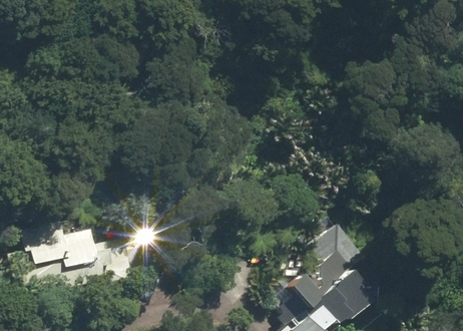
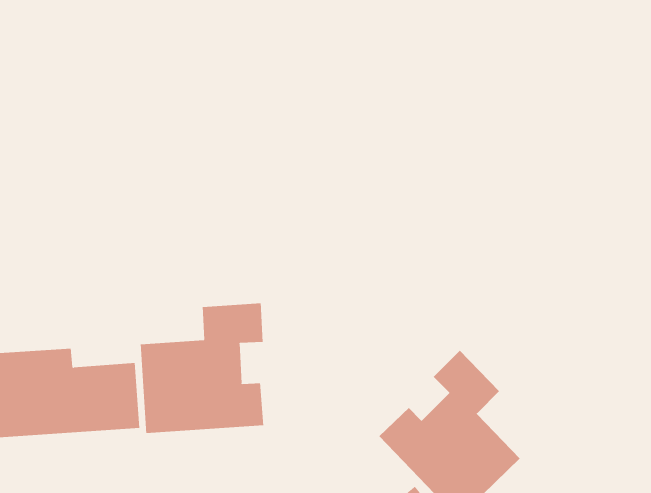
building: none -> [140,303,264,434]

